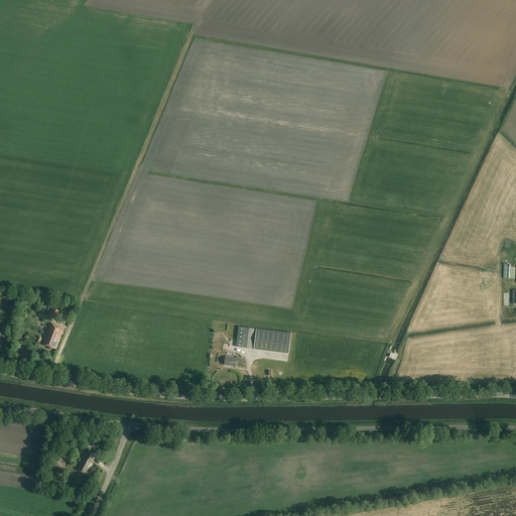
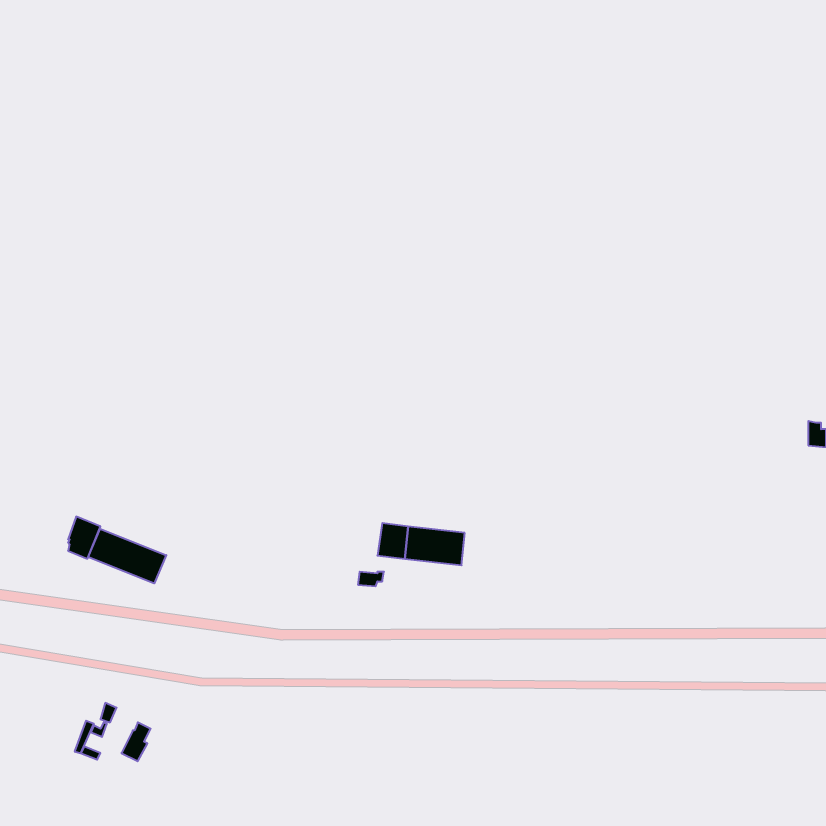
building: none -> [88,529,166,583]

